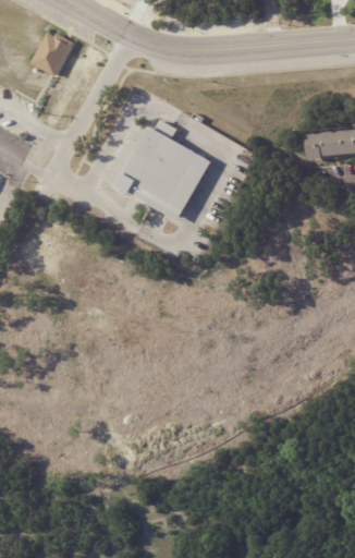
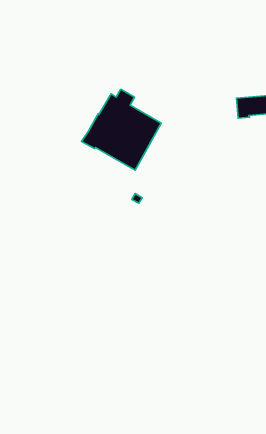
building: [34,36,76,78] -> none

